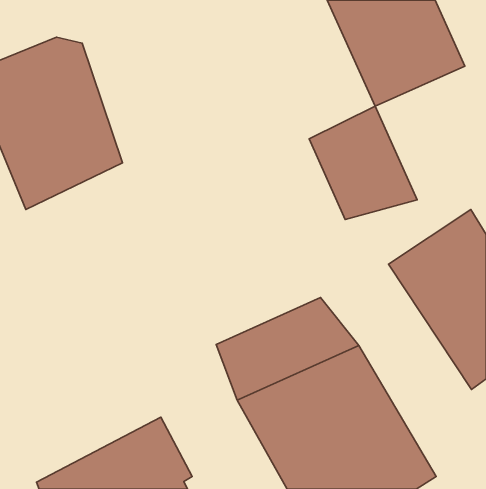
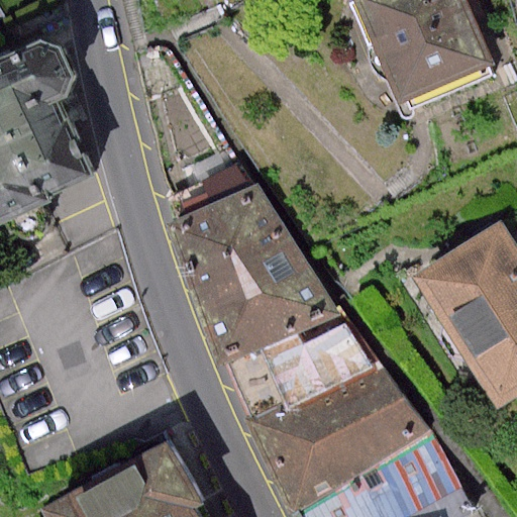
building: [309,106,417,219] -> none
building: none -> [173,187,338,364]

